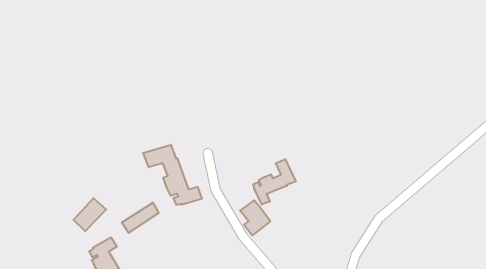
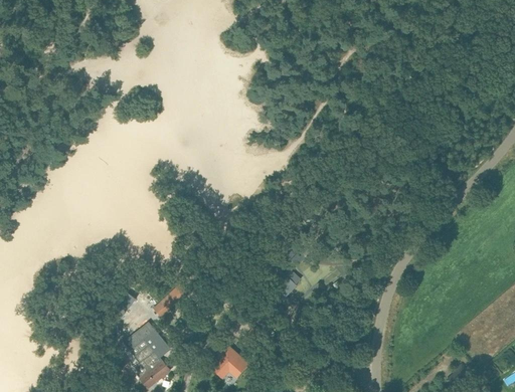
building: [143,145,202,205] -> none
building: [253,159,296,205] -> none

